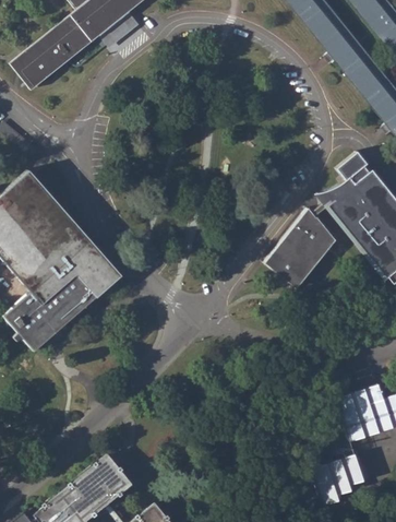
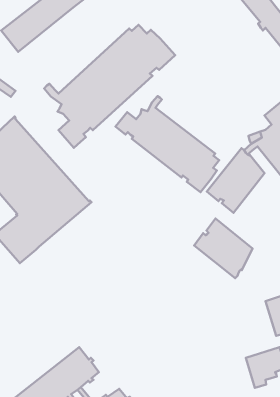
building: none -> [44,25,175,148]
building: none -> [116,96,219,192]
building: none -> [194,218,253,278]

